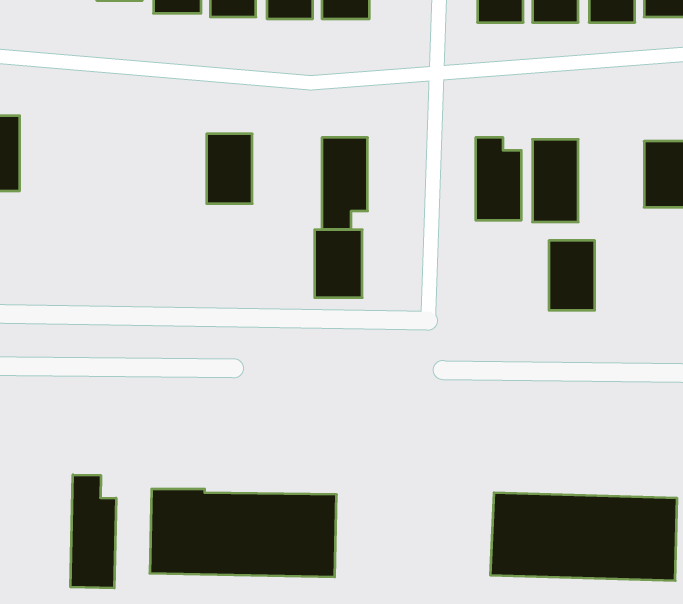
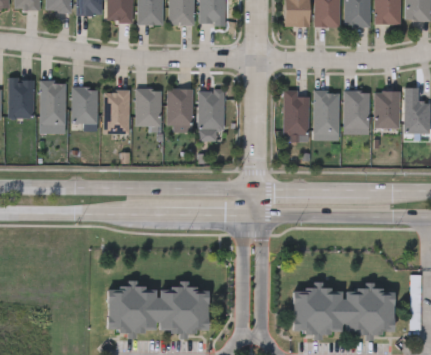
building: none -> [40,82,66,135]
building: none -> [72,88,98,125]
building: none -> [104,92,129,135]
building: [315,230,362,298] -> [167,89,193,126]
building: [549,241,595,310] -> [344,92,369,130]
building: [71,475,116,588] -> none

